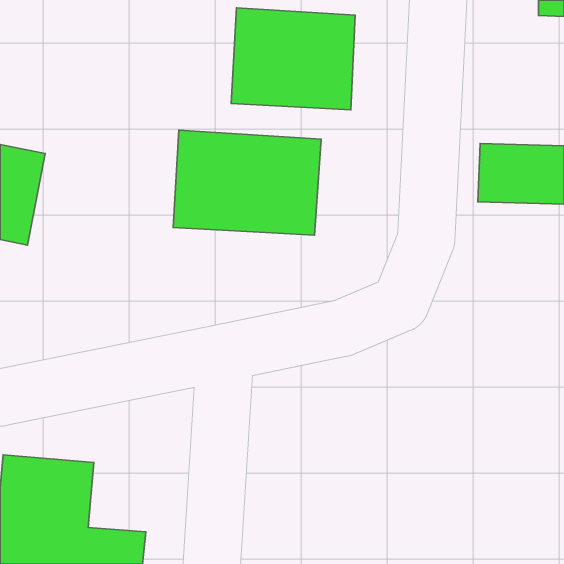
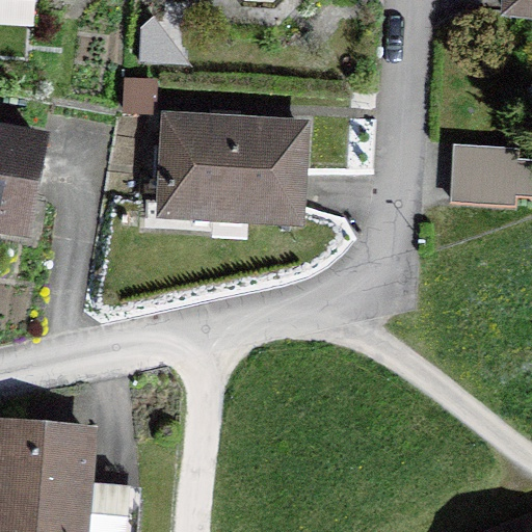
building: [231,8,355,110] -> none

